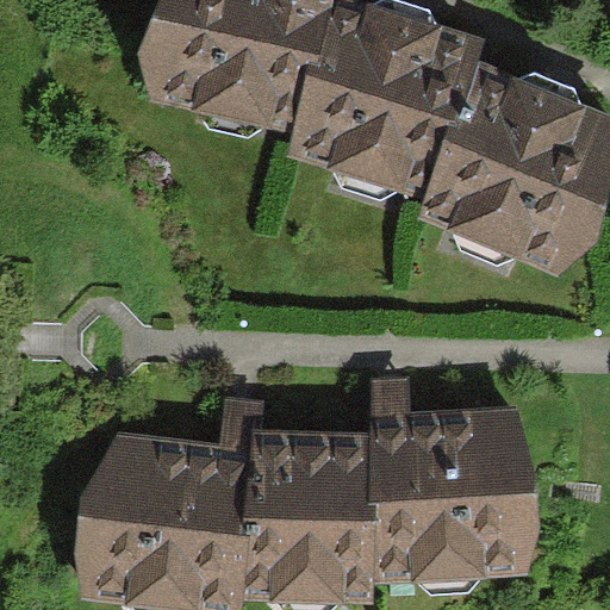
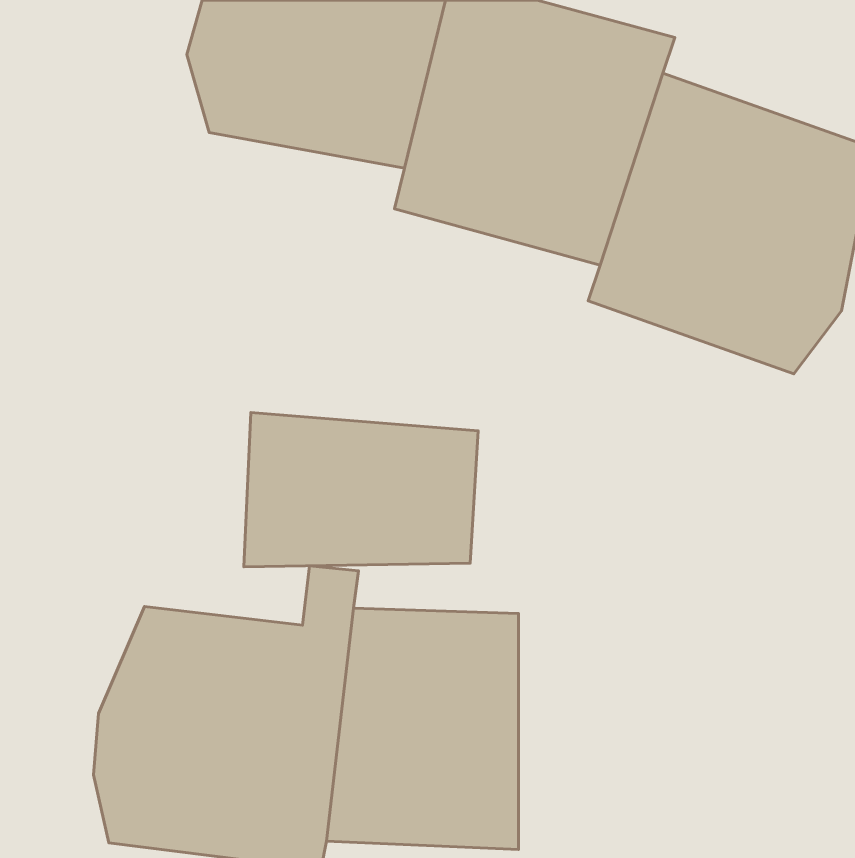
building: none -> [244,413,478,567]
building: [372,379,539,579] -> none

